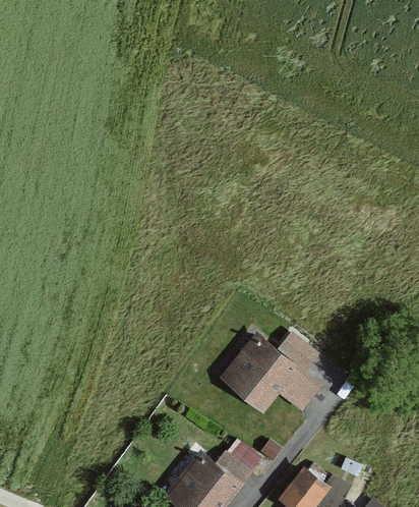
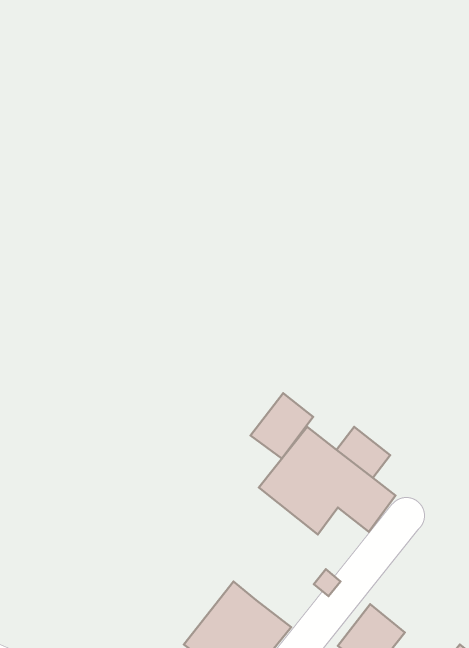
building: none -> [251,393,313,459]
building: [217,438,262,484] -> none

